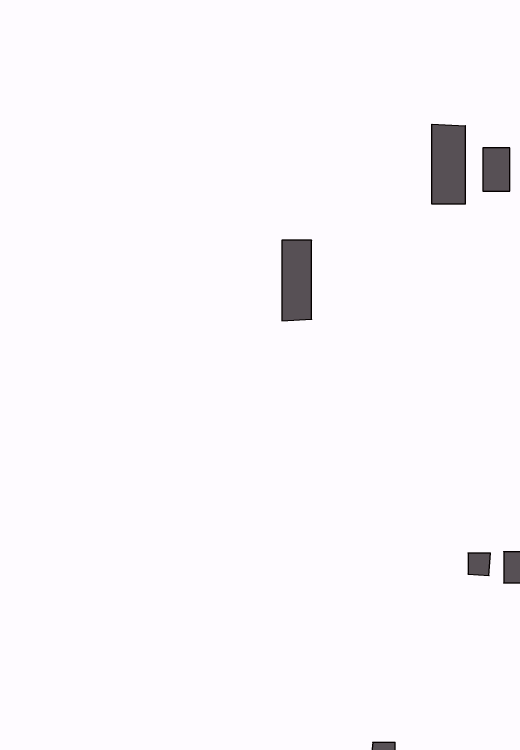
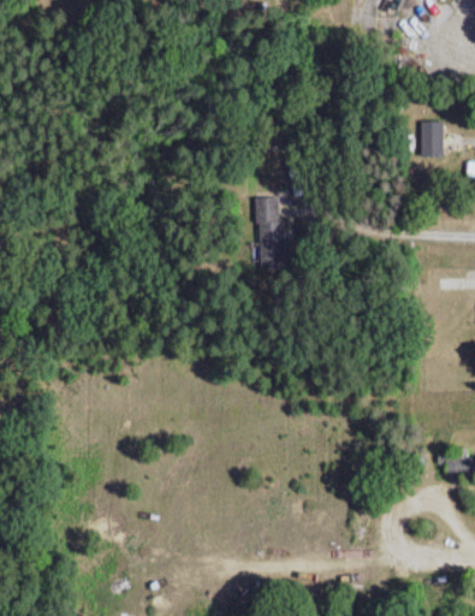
building: [432,124,465,204] -> none

